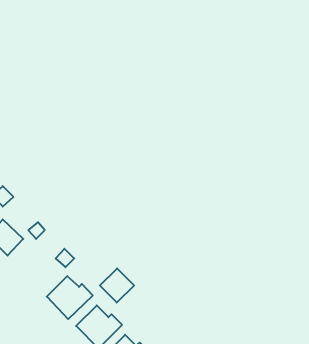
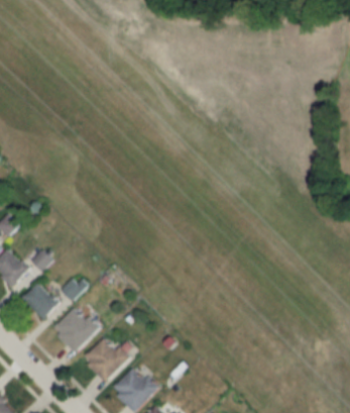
building: none -> [22,282,59,318]
building: [100,268,134,303] -> none

